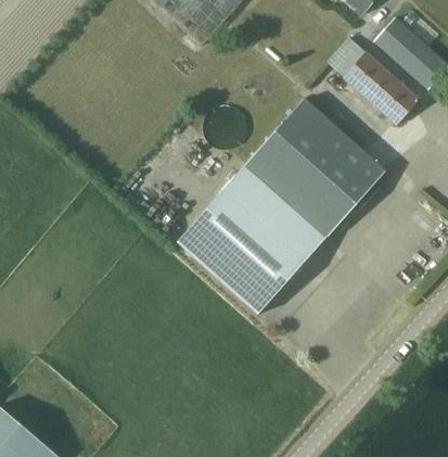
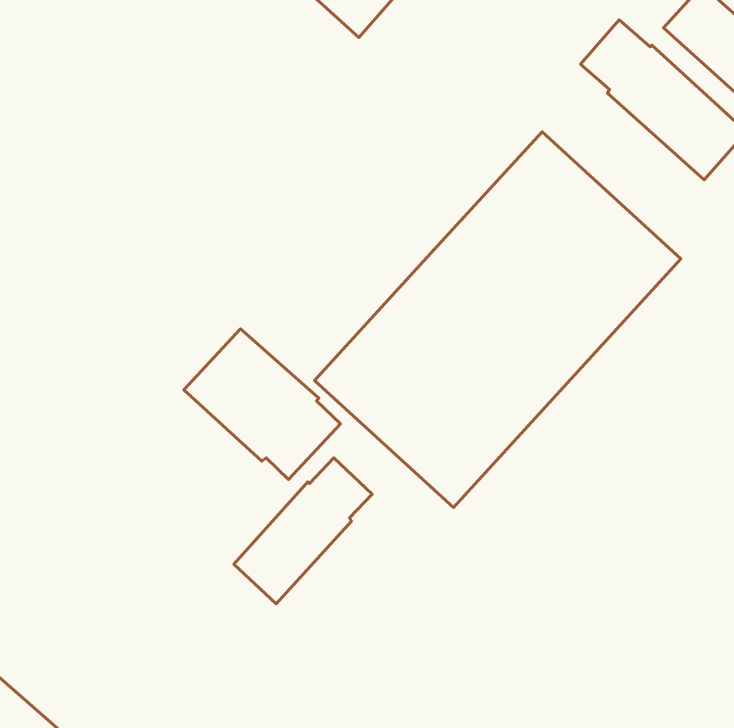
building: none -> [184,329,341,480]
building: none -> [234,458,372,604]

